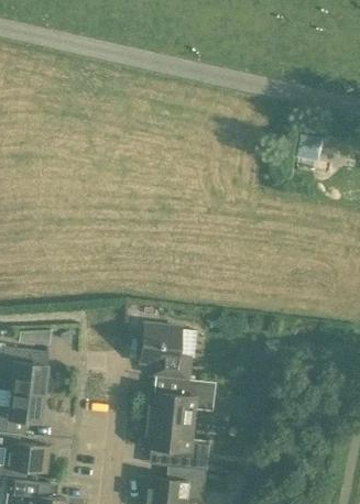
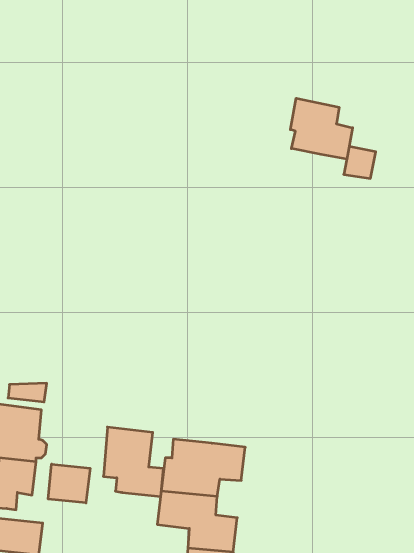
building: none -> [290,98,353,159]
building: [142,322,192,380] -> [103,427,163,496]
building: none -> [48,464,90,503]

